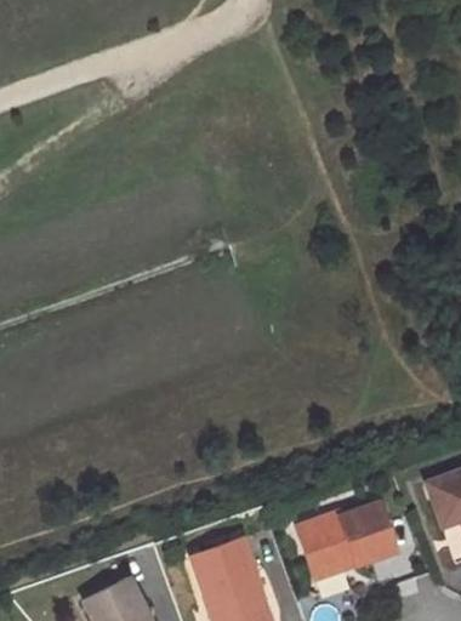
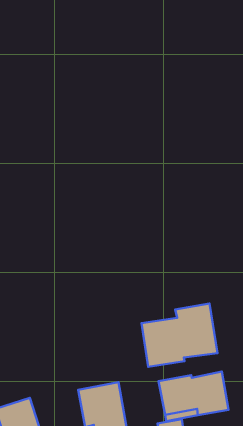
building: none -> [142,304,218,367]

